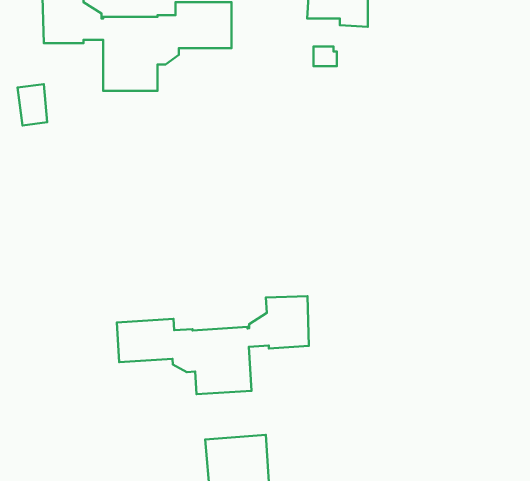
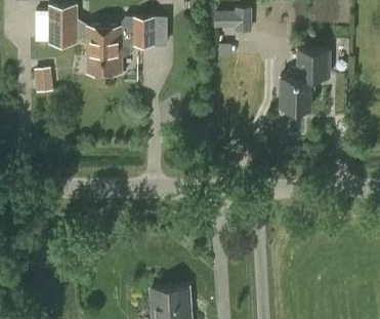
building: none -> [280,50,329,115]
building: [117,296,309,394] -> none

